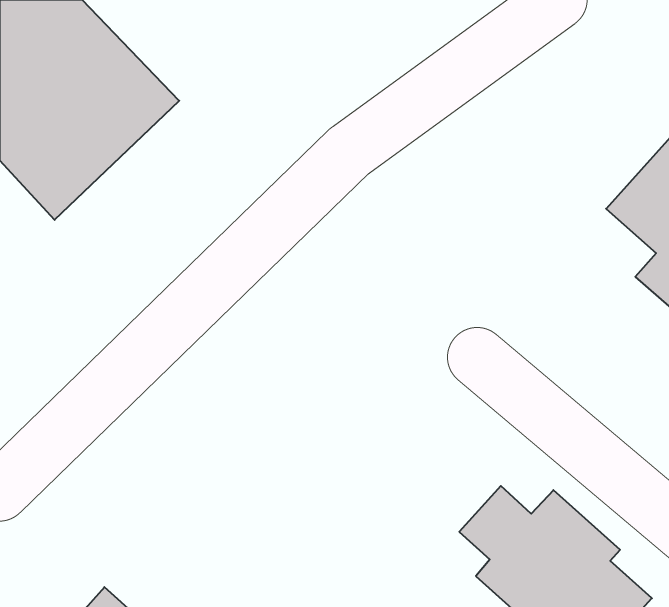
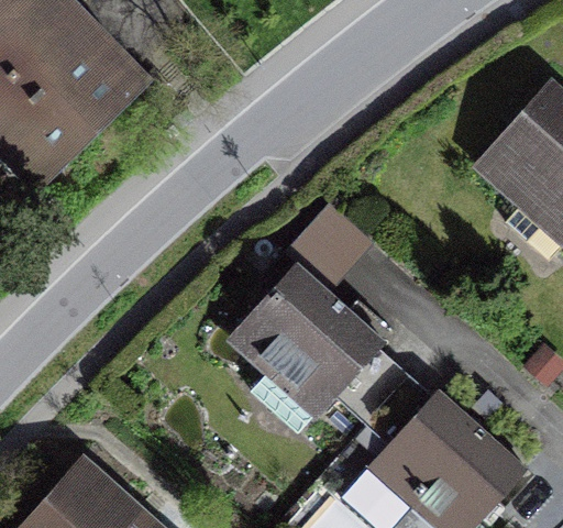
building: none -> [236,263,398,431]

